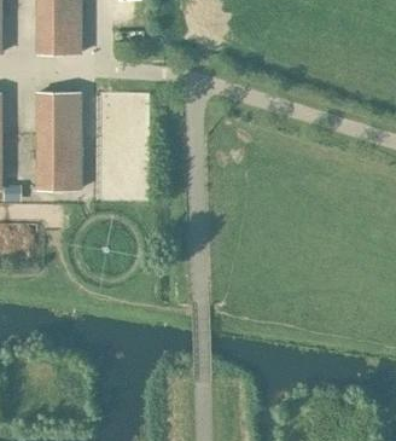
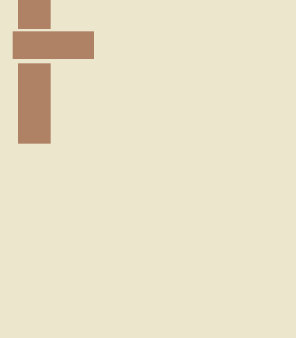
building: none -> [12,30,95,60]

